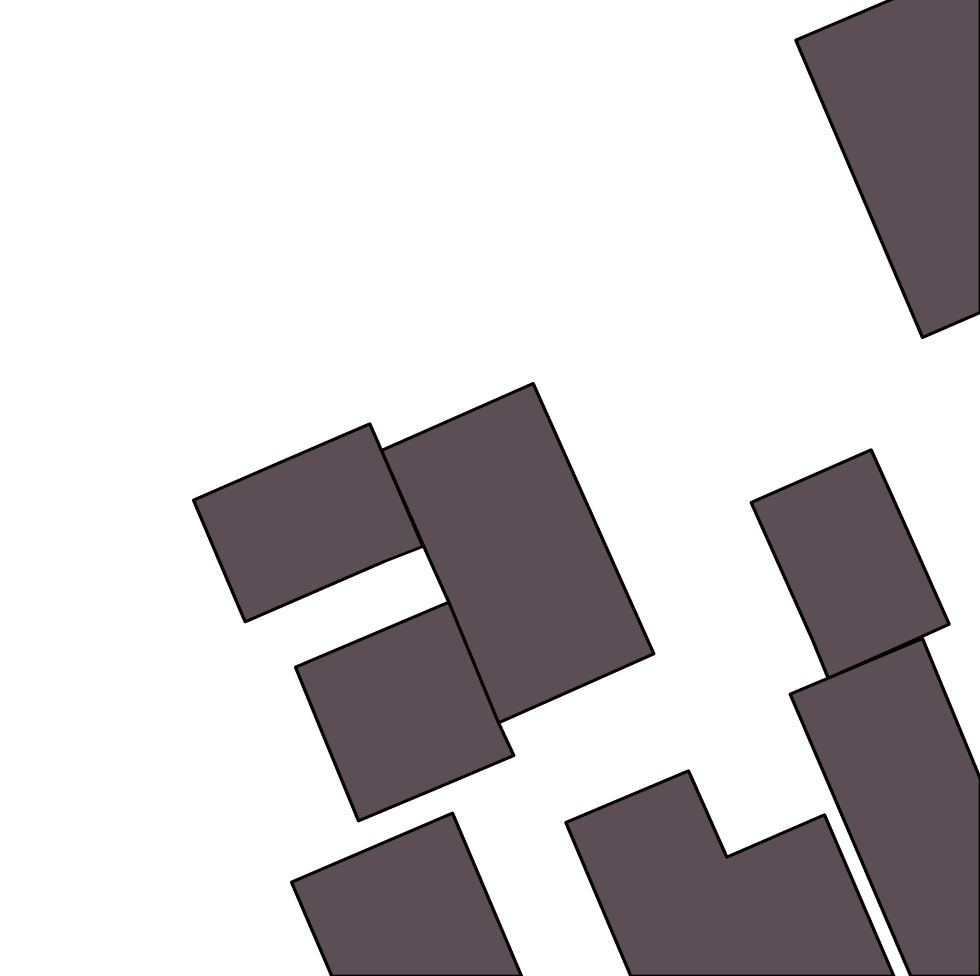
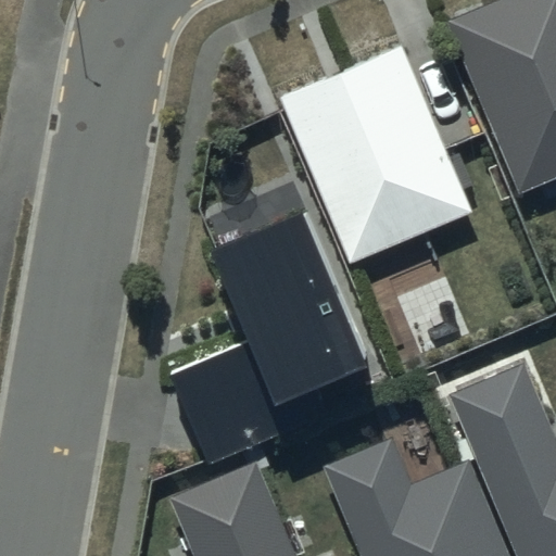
building: none -> [283,53,472,264]
building: [194,424,423,622] -> none
building: [751,450,949,678] -> none

